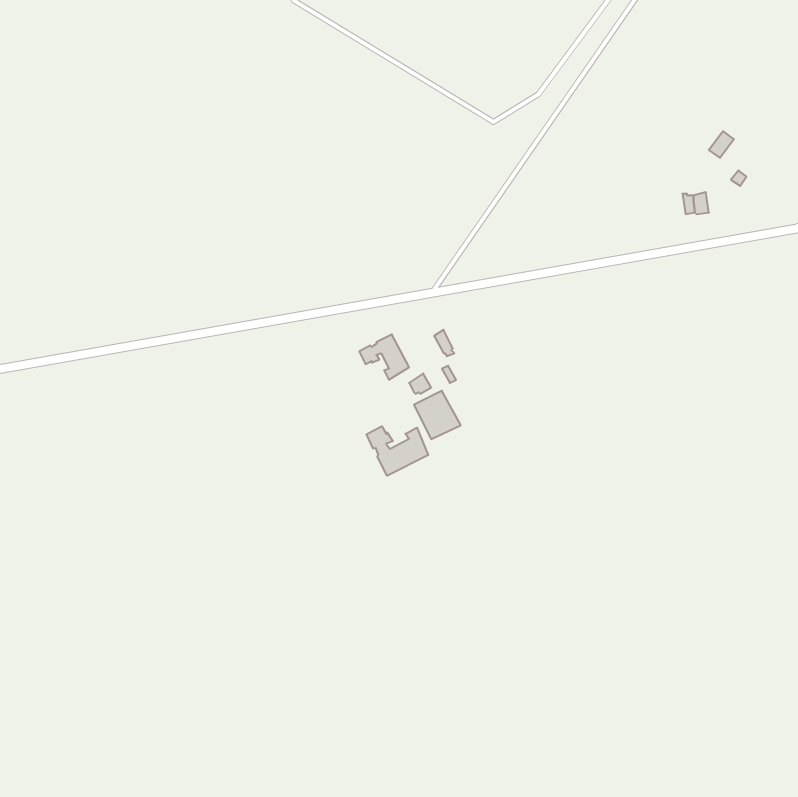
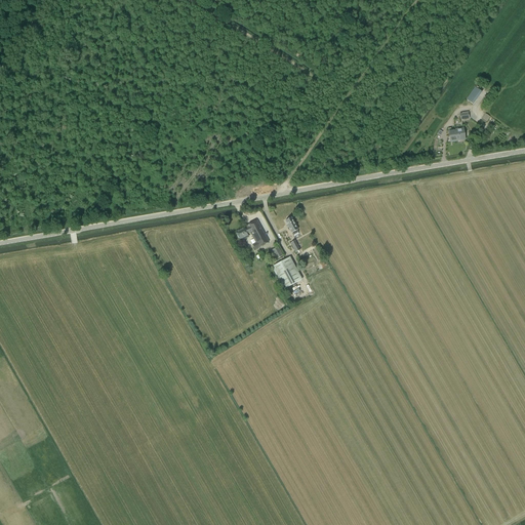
building: [367,426,428,476] -> none

